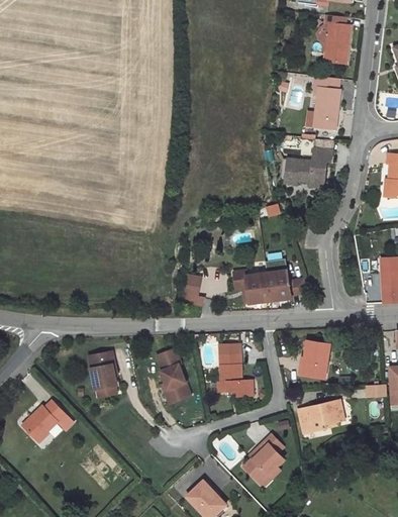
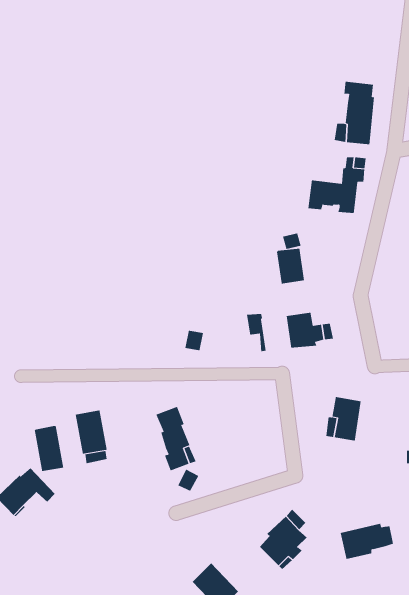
building: [315,14,347,64] -> none
building: [245,273,270,303] -> [276,248,305,284]
building: [219,343,250,396] -> none
building: none -> [34,425,64,472]
building: [298,402,343,432] -> [340,523,394,559]

